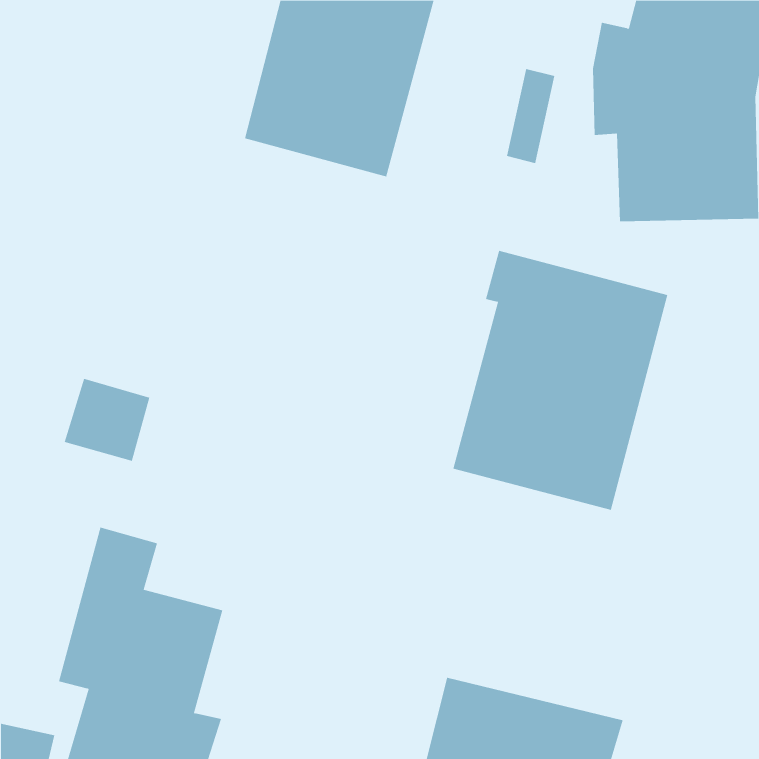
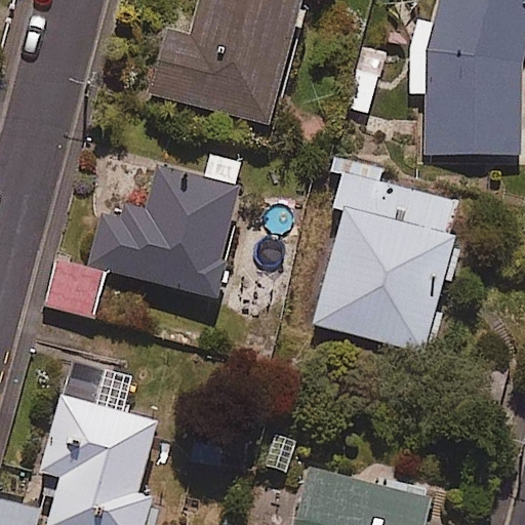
building: none -> [86,152,246,296]

